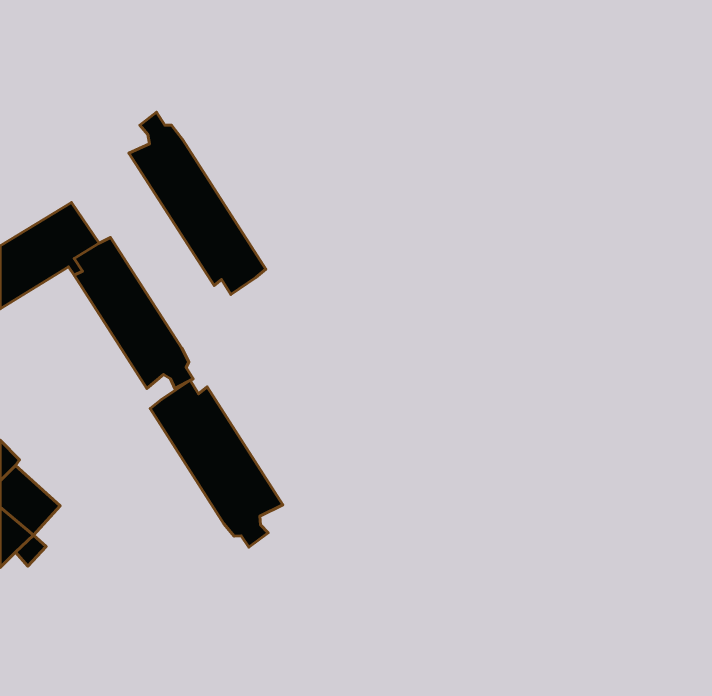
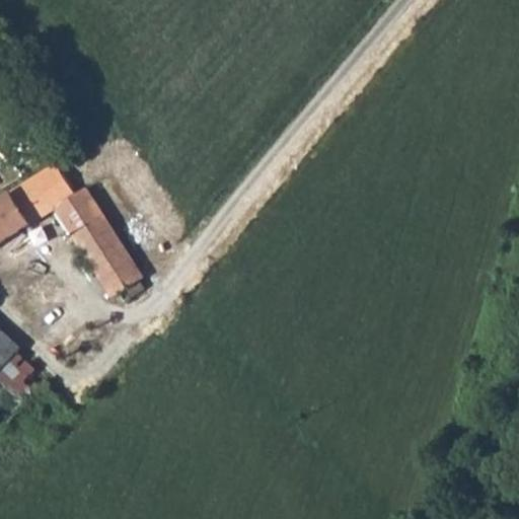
building: [129,112,266,294] -> none
building: [150,380,283,547] -> none

